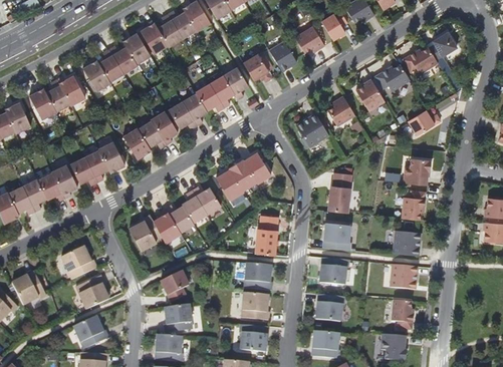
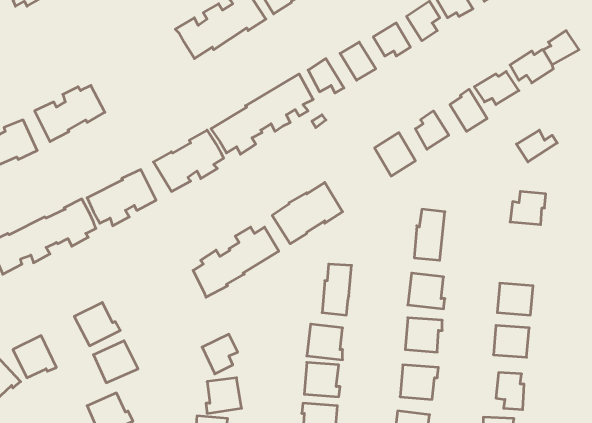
building: [82,33,151,92] -> none
building: [402,191,426,220] -> none
building: [130,215,163,250] -> none

